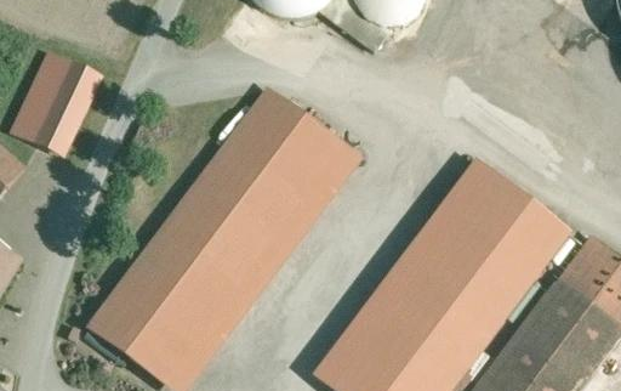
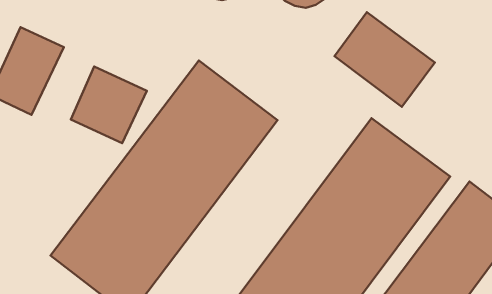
building: none -> [335,12,435,107]
building: none -> [71,67,147,143]

